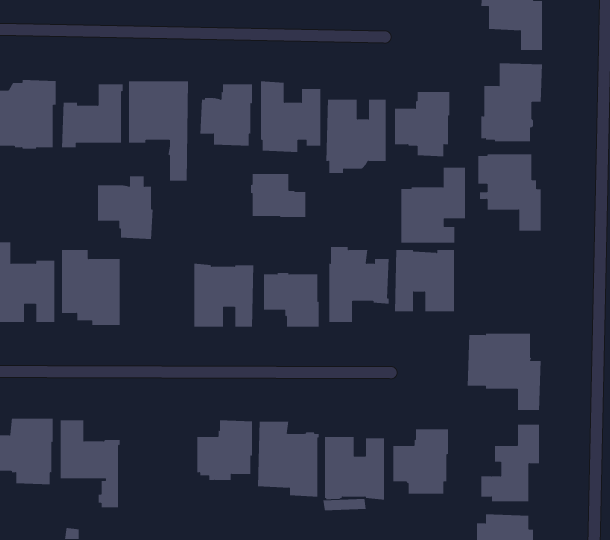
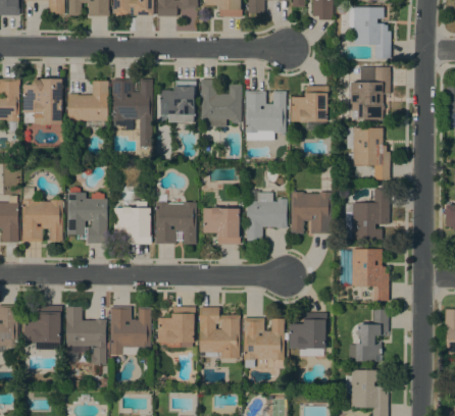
building: [400,167,466,243] -> [345,189,389,240]
building: [250,173,306,218] -> none
building: [97,176,153,239] -> [113,201,151,244]
building: none -> [109,306,150,355]

